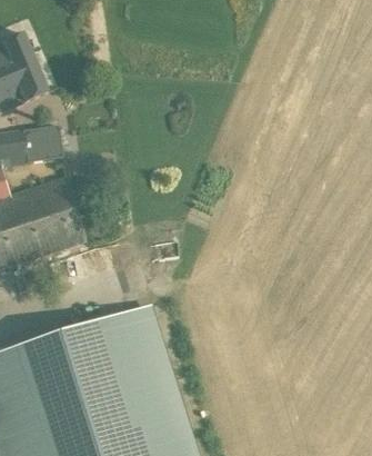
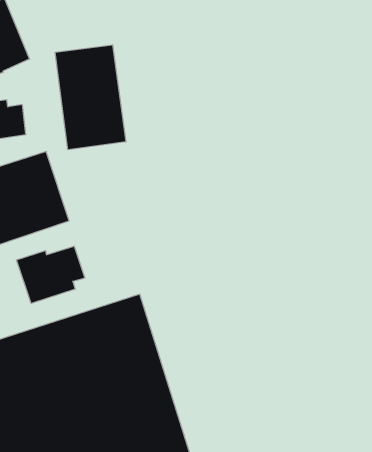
building: none -> [55,45,126,150]
building: none -> [17,246,85,303]

